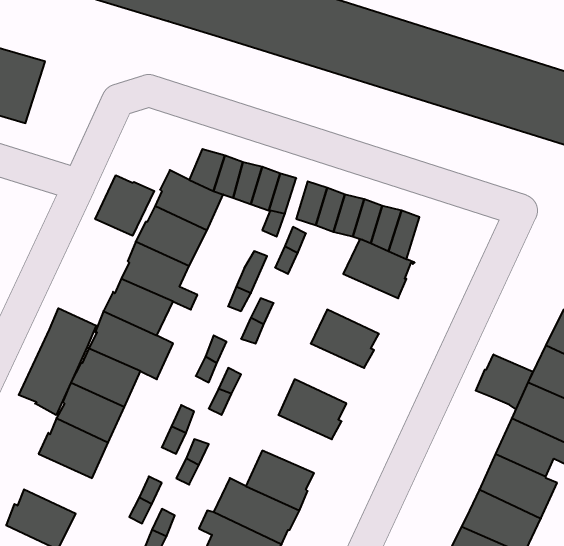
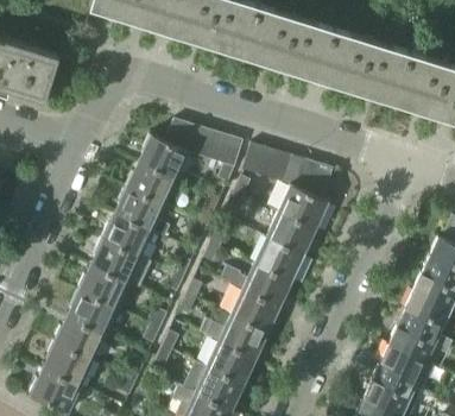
building: [95,175,154,236] -> none
building: none -> [264,213,316,257]
building: [19,308,96,415] -> none
building: none -> [219,264,291,308]
building: [476,354,533,409] -> none
building: none -> [197,316,267,359]
building: none -> [42,345,91,389]

